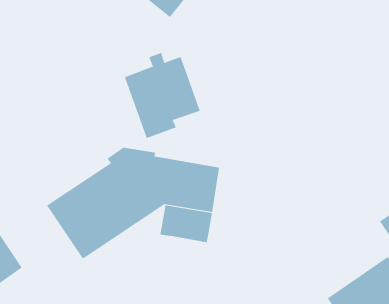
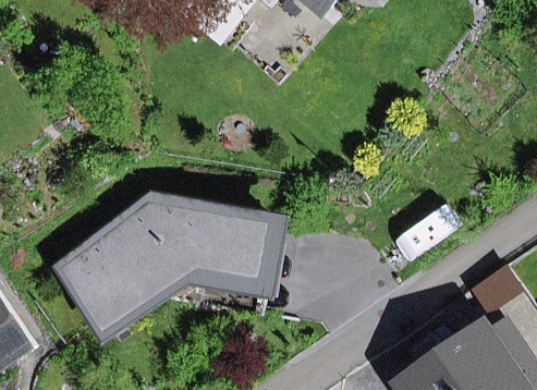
building: [124,52,200,139] -> none

